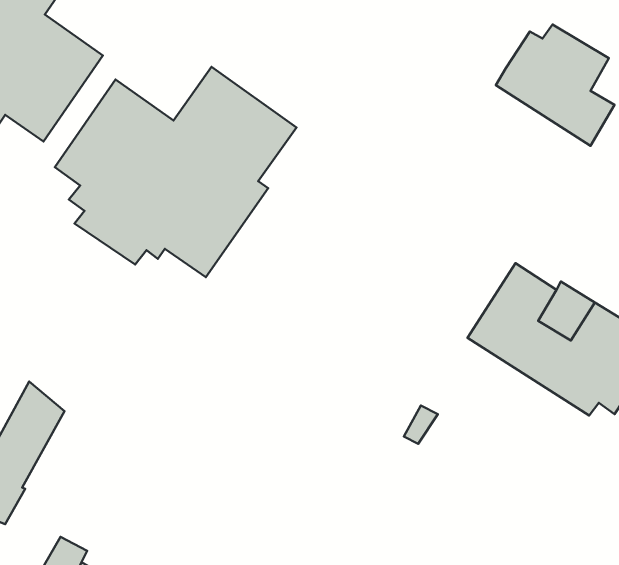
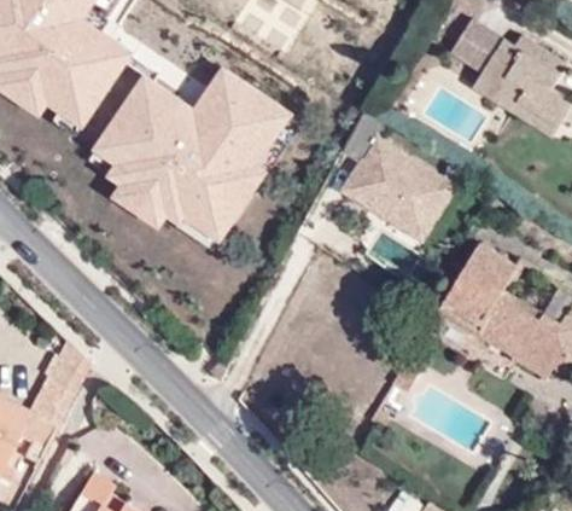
building: none -> [444,17,495,68]
building: none -> [343,135,456,243]

